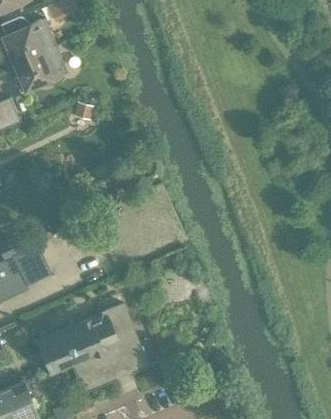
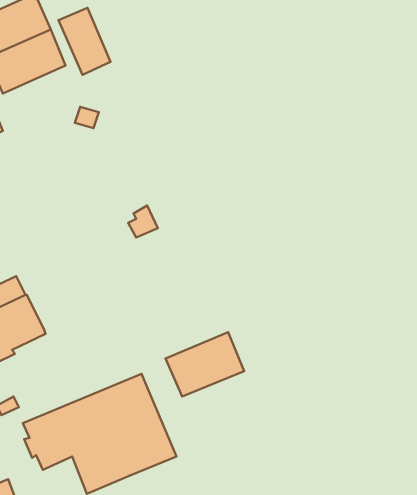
building: none -> [58,8,110,75]
building: none -> [165,332,244,396]

